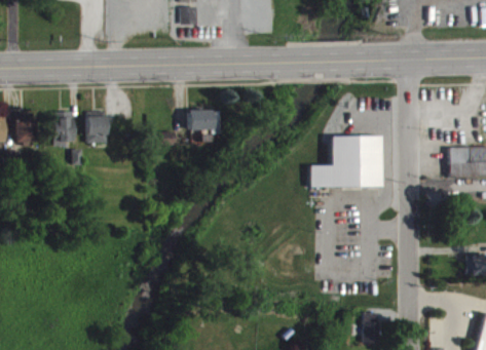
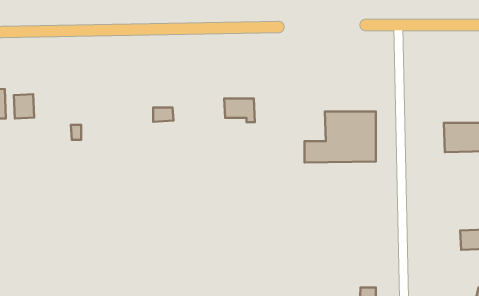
building: [188,110,219,133] -> [224,99,255,122]
building: [53,111,74,145] -> none
building: [87,111,108,143] -> none

